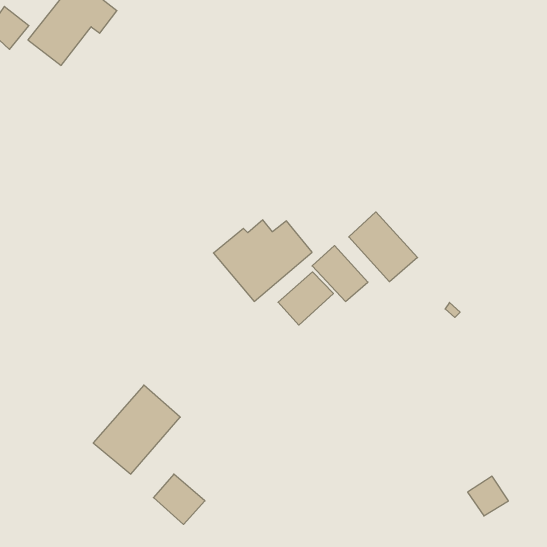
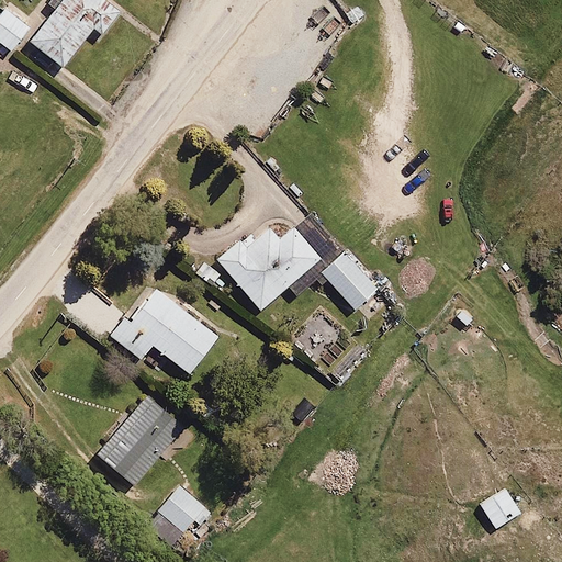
building: [349,212,418,282] -> none
building: [278,272,333,325] -> none
building: none -> [110,289,217,372]

